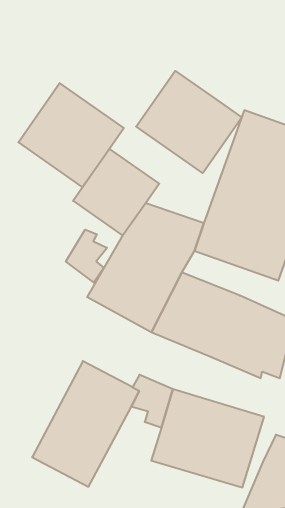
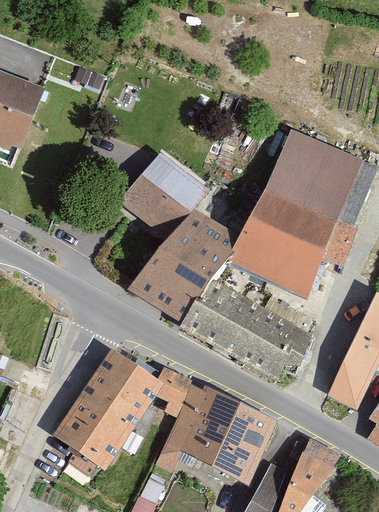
building: [136,71,242,173] -> none
building: [18,83,124,187] -> none
building: [66,230,107,283] -> none

